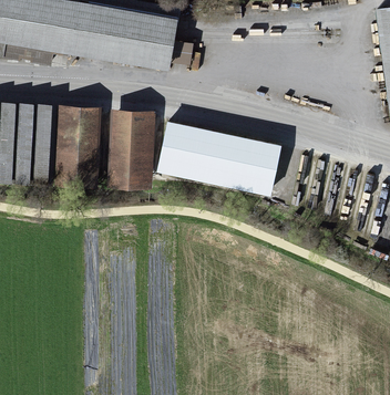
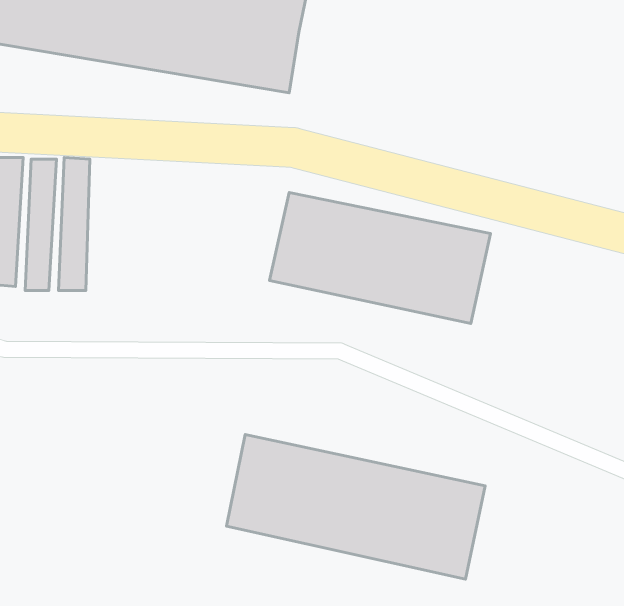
building: [58,105,96,178] -> none
building: [111,108,155,185] -> none
building: none -> [226,435,485,579]

